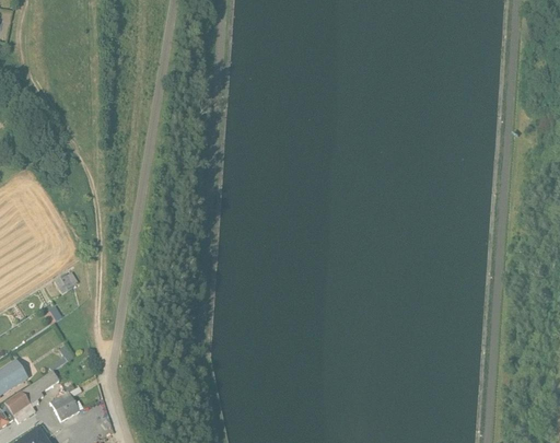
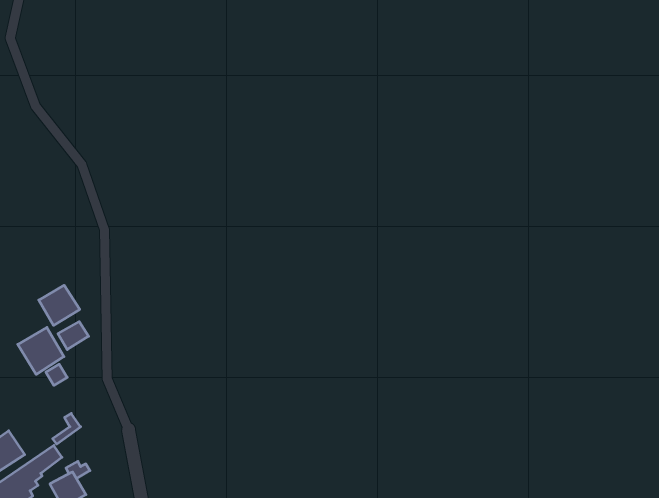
building: none -> [39,285,80,325]
building: none -> [18,327,64,374]

